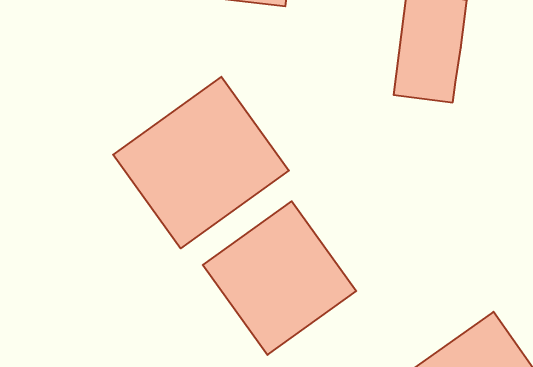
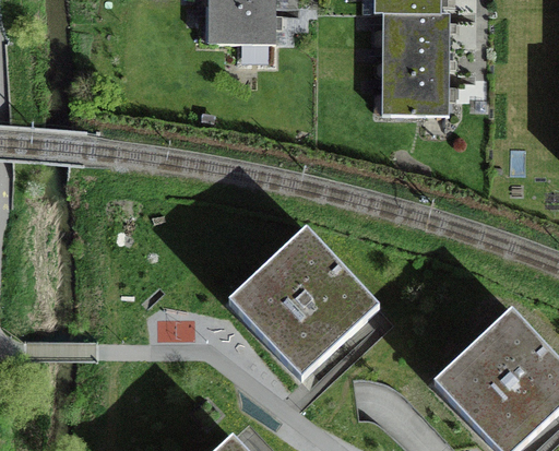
building: [113,77,289,248] -> none

